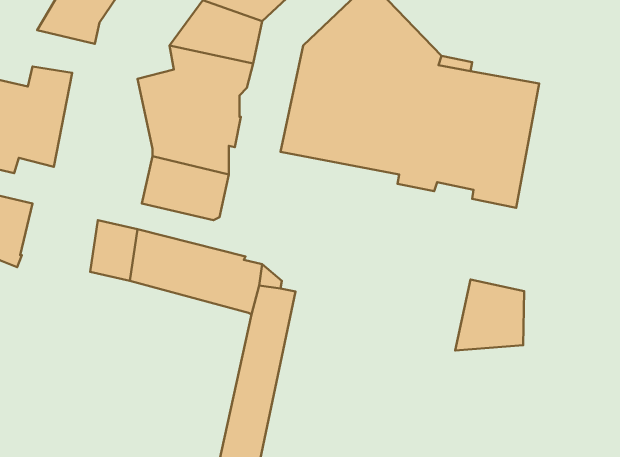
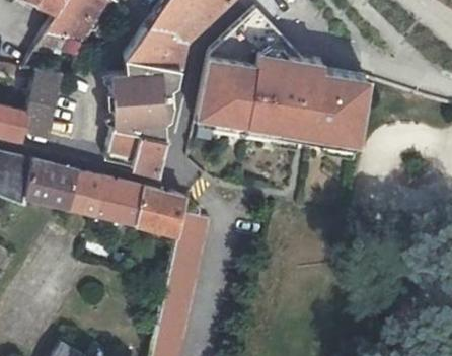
building: none -> [25,159,77,205]
building: [455,279,524,350] -> none

